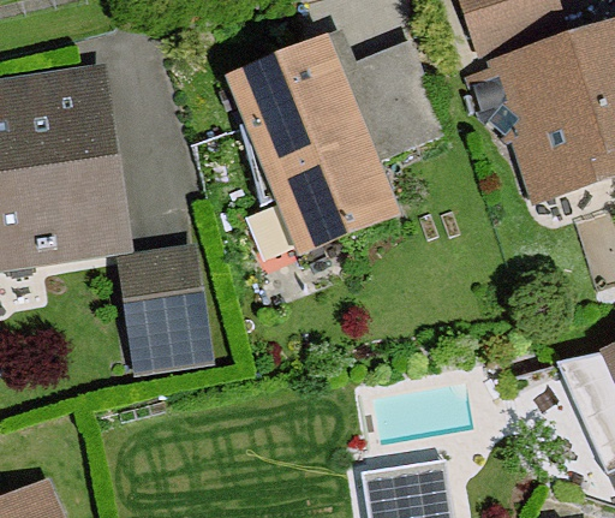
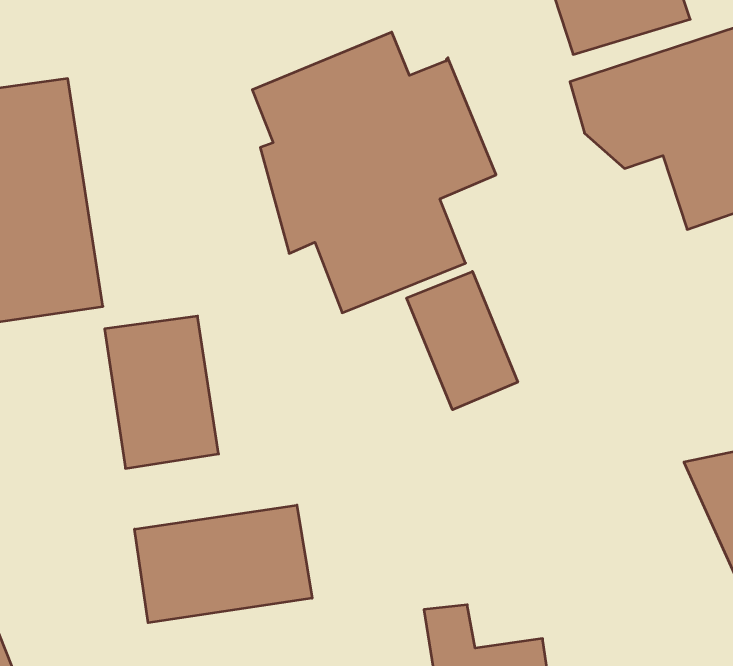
building: none -> [407,271,518,410]
building: none -> [135,505,312,623]

